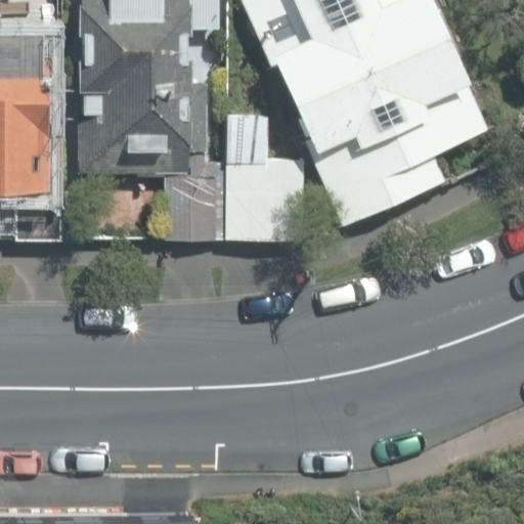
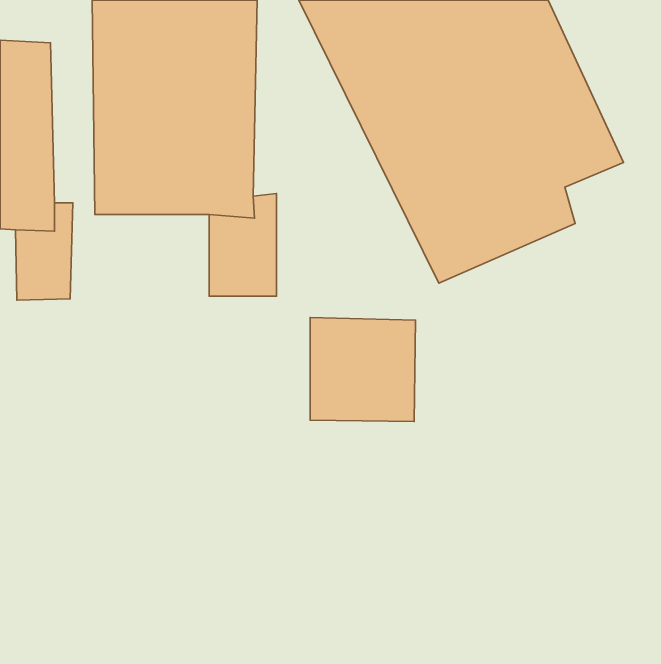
building: [220,152,303,234] -> [310,318,415,422]

